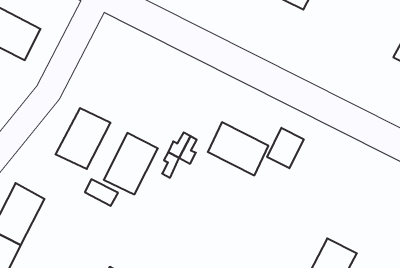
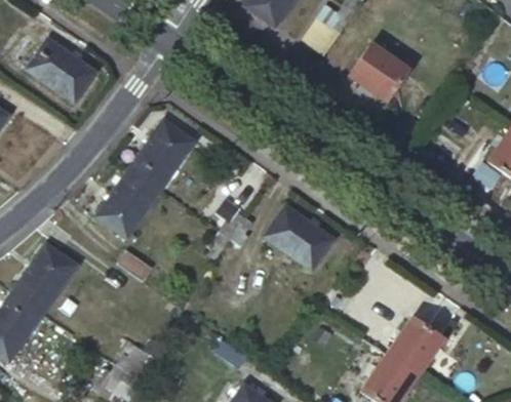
building: [267,128,304,168] -> none
building: [104,133,158,194] -> [128,120,194,190]
building: none -> [383,317,440,375]

